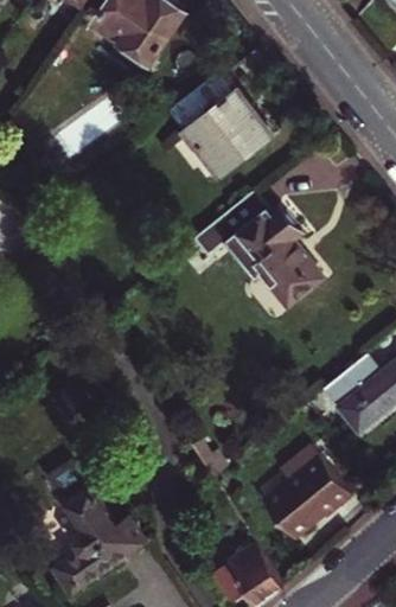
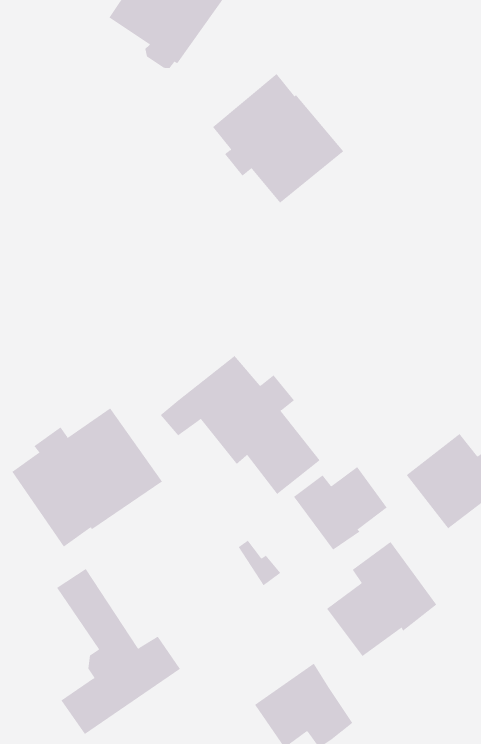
building: [197,197,324,307] -> [160,355,320,495]
building: none -> [12,407,163,548]
building: none -> [293,466,388,551]

